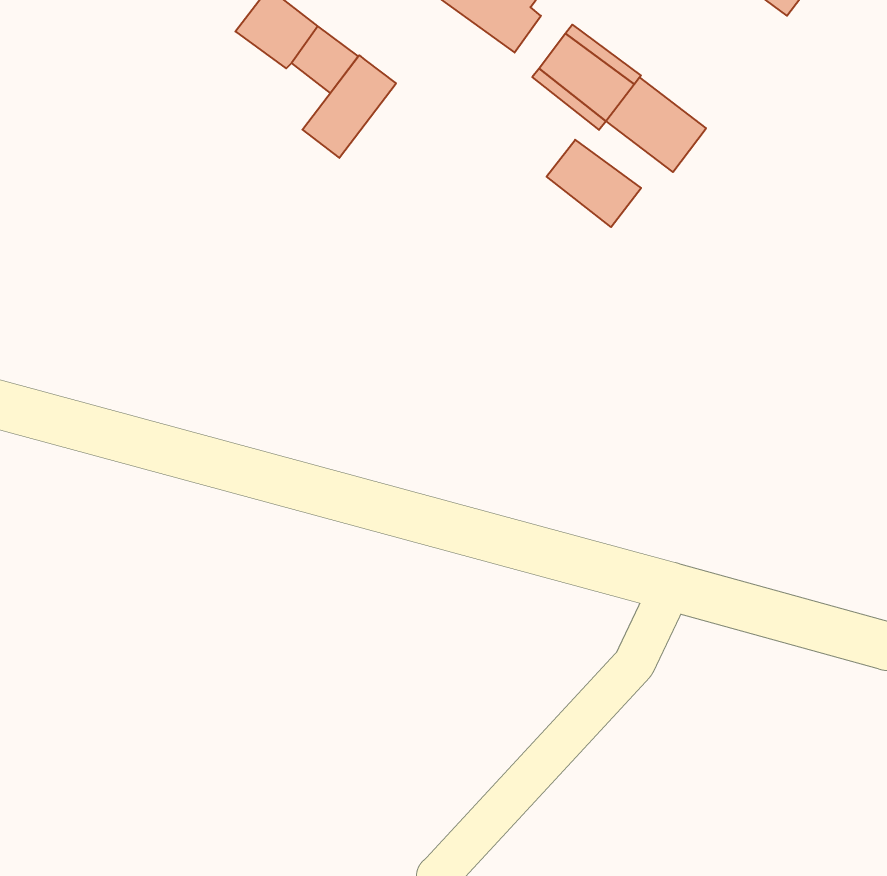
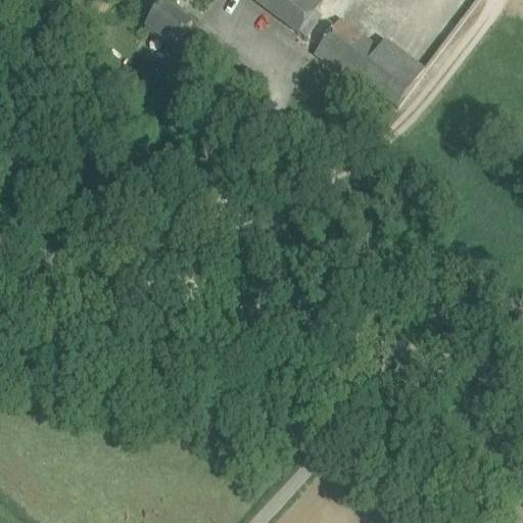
building: [302,55,396,158] -> none
building: [547,140,641,227] -> none

